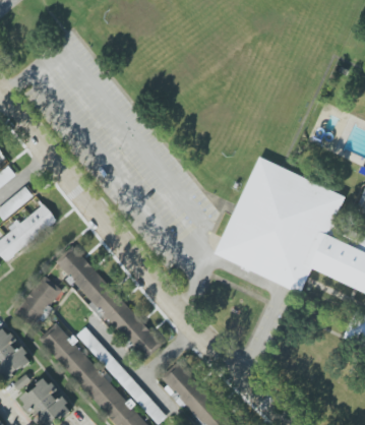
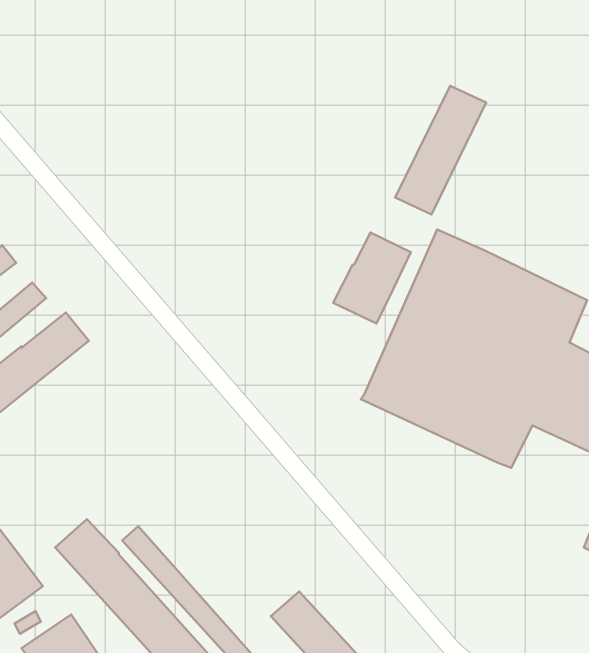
building: none -> [395,86,486,214]
building: none -> [333,232,411,323]
building: [58,246,162,359] -> none
building: [15,277,60,325] -> none

